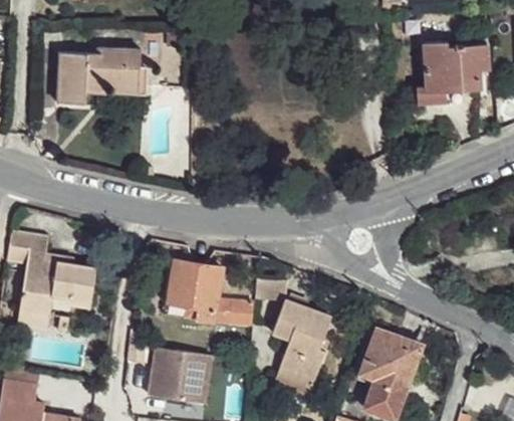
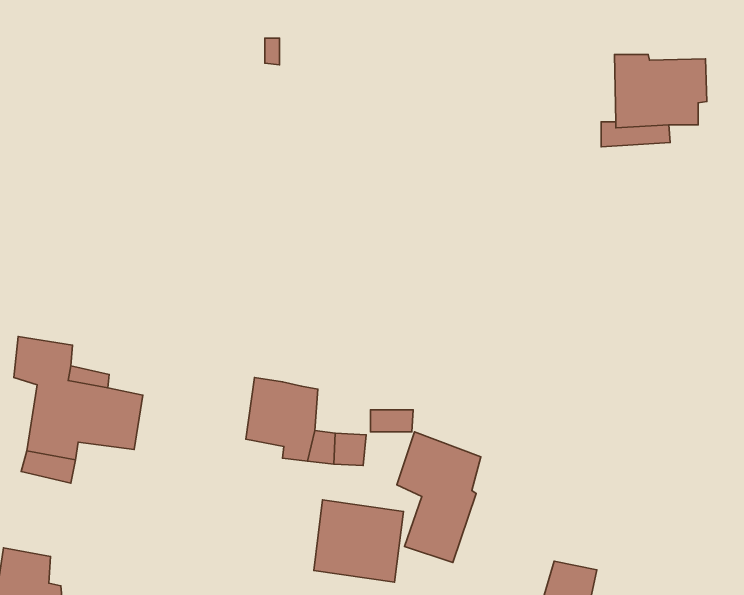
building: [57,46,138,103] -> none
building: [365,335,422,393] -> none
building: [148,347,209,403] -> [314,500,403,582]

